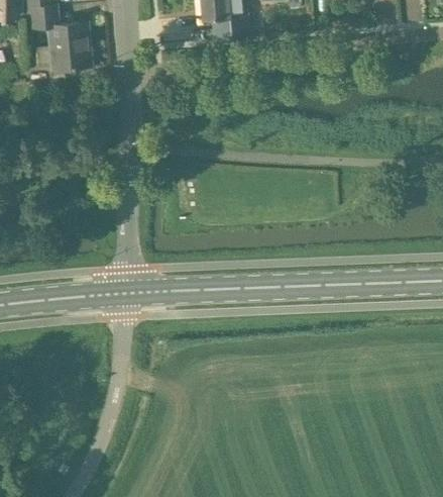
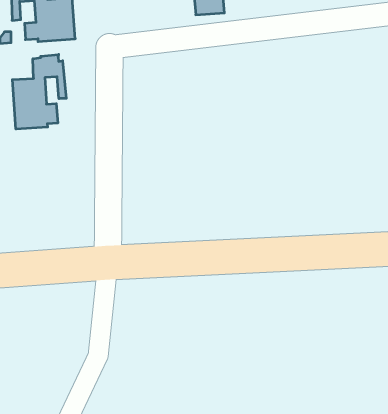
building: none -> [12,54,66,129]

